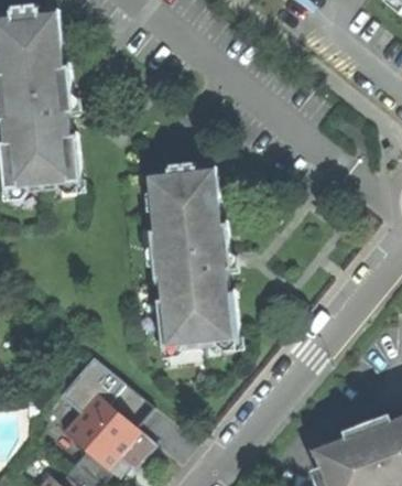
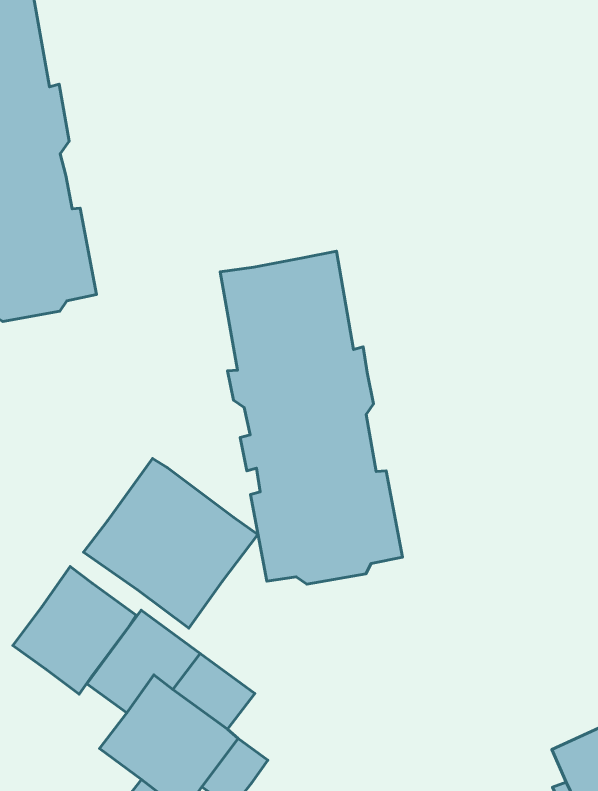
building: none -> [83,459,258,628]
building: none -> [13,566,136,694]

